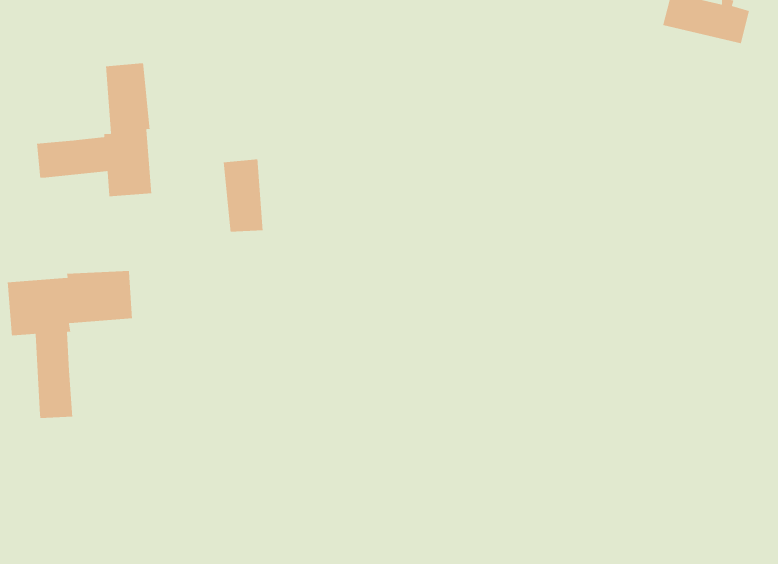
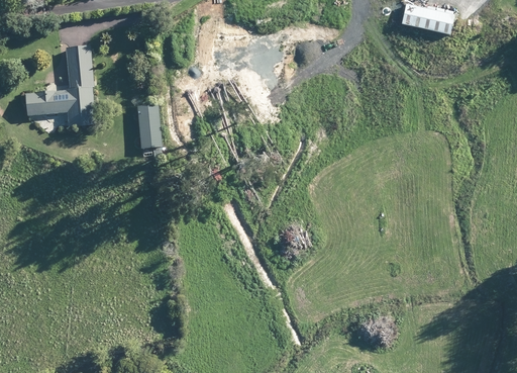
building: [7,270,133,419] -> none

